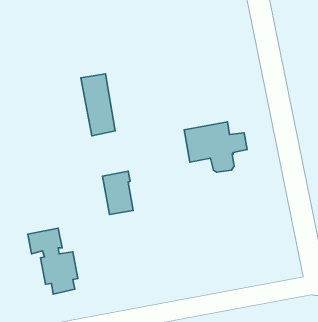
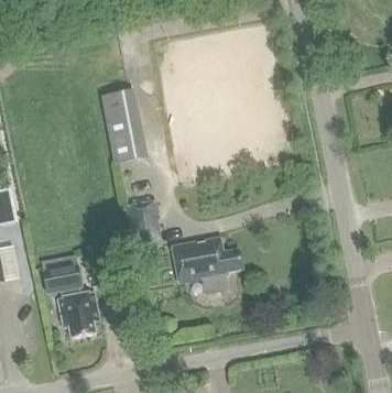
building: [184,122,247,172] -> [172,236,242,292]

